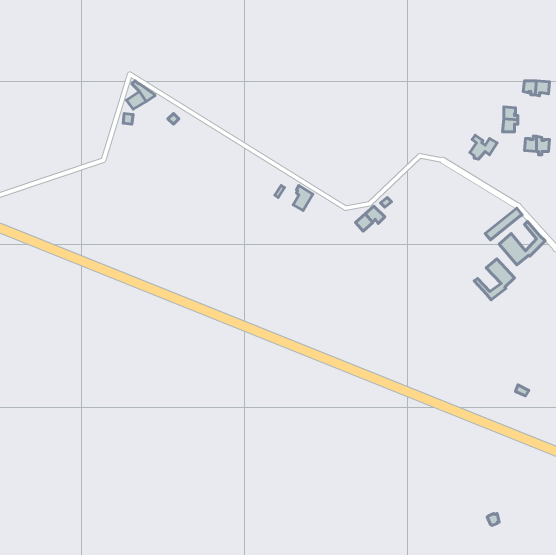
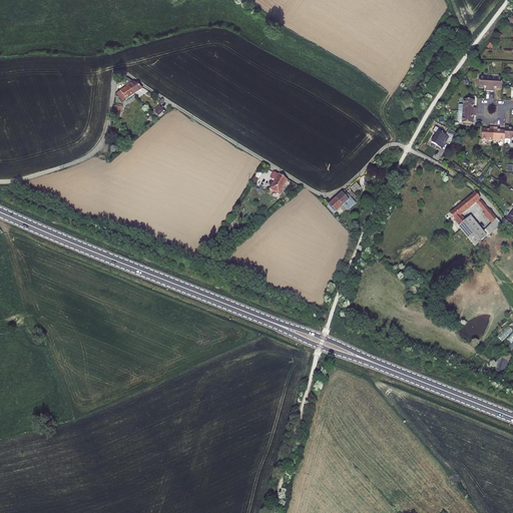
building: [474,259,515,300] -> none

